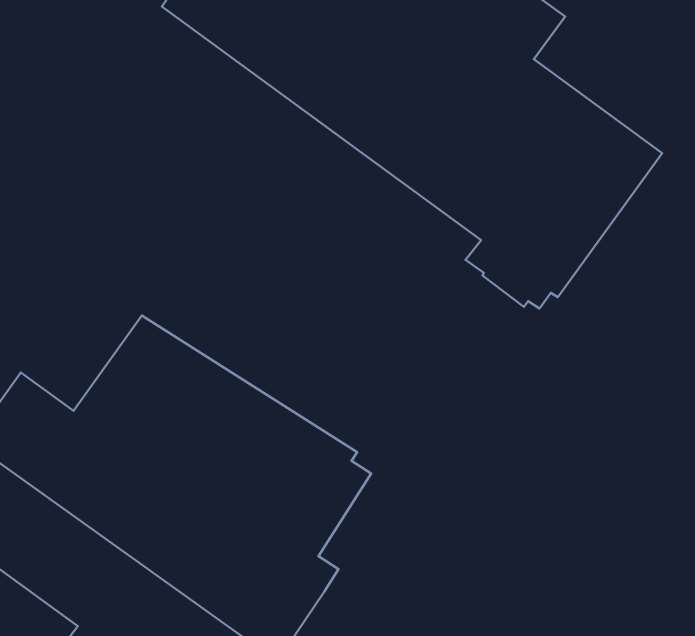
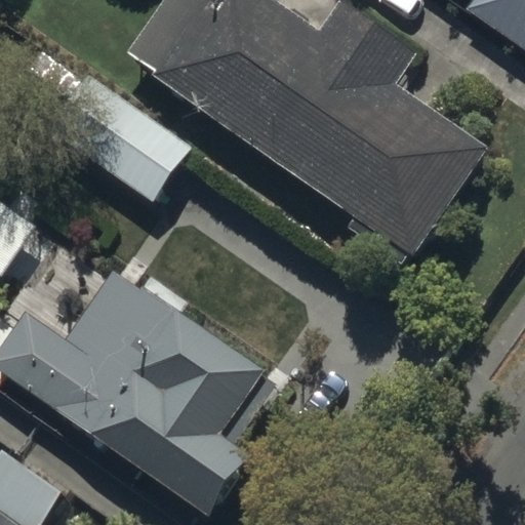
building: none -> [73,90,189,200]

